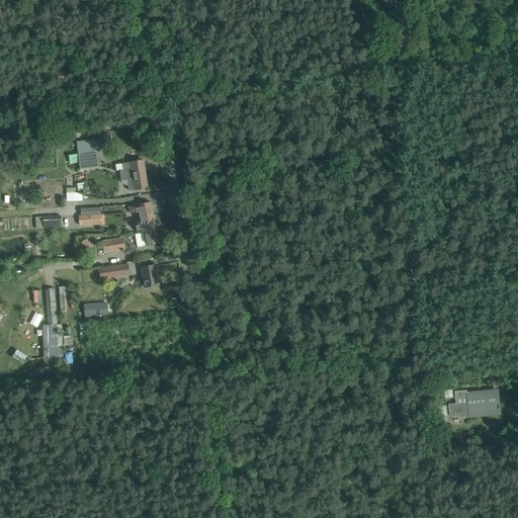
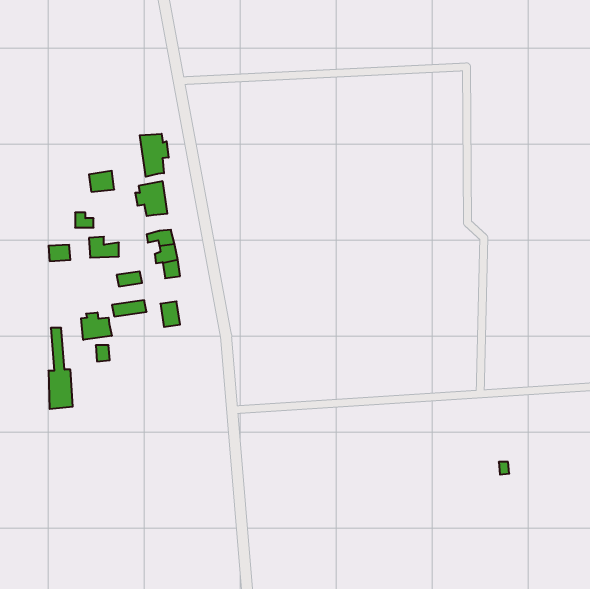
building: none -> [140,134,169,177]
building: none -> [81,312,112,340]
building: [447,388,500,417] -> none

